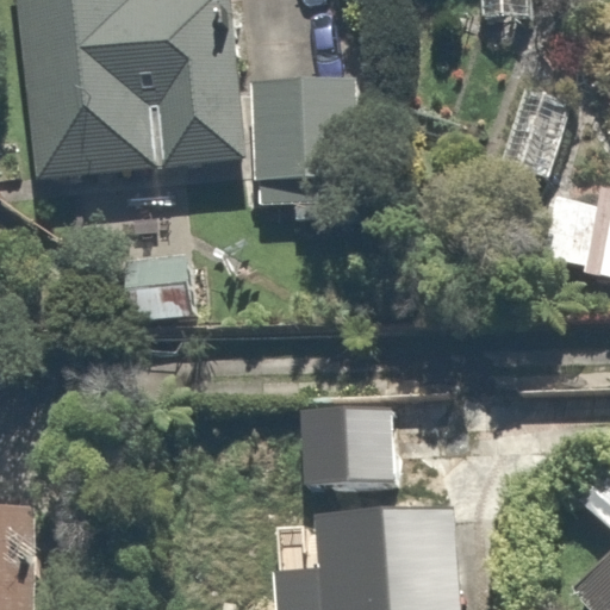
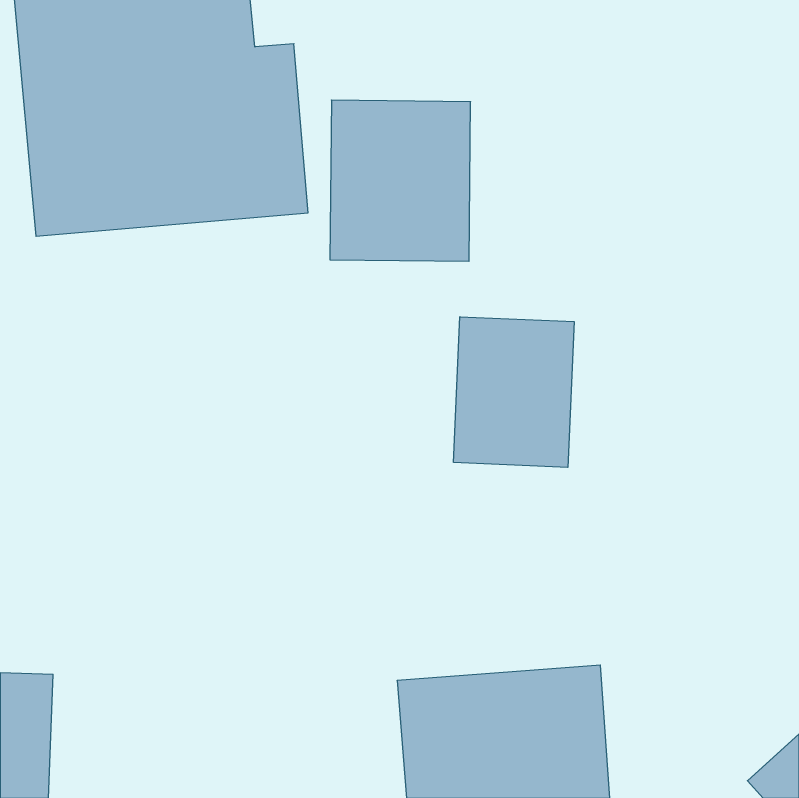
building: none -> [454,317,574,467]
building: [293,404,406,490] -> none

